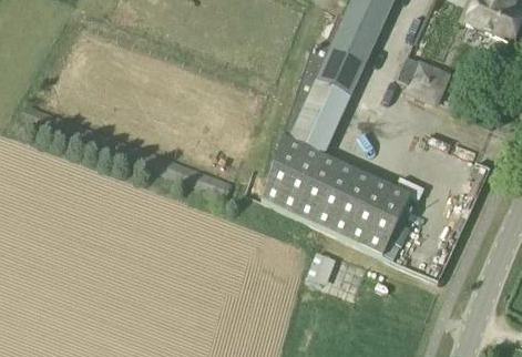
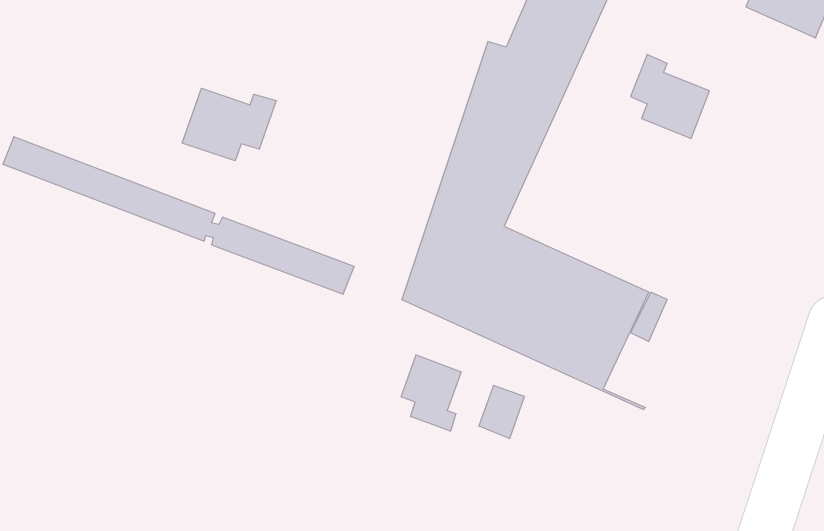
building: none -> [182,88,276,161]
building: none -> [401,355,461,431]

